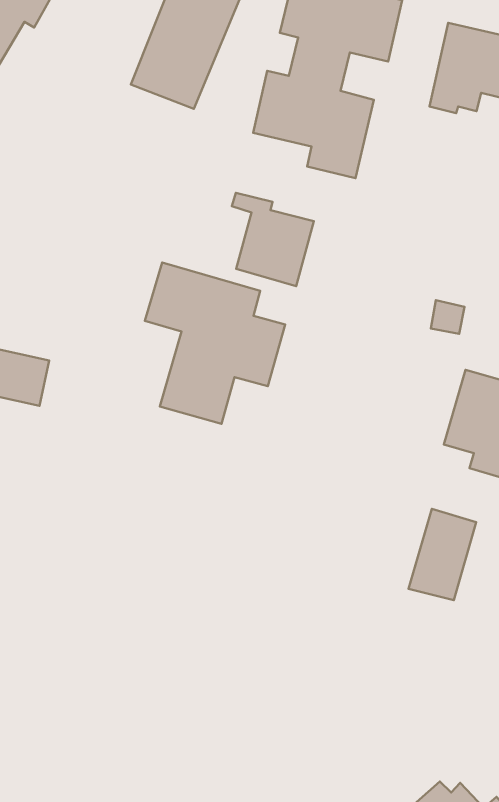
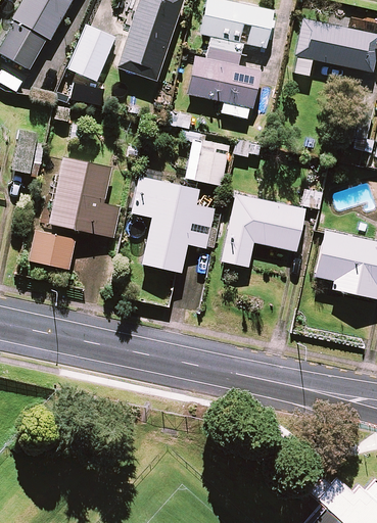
building: none -> [66,26,114,81]
building: none -> [51,158,121,237]
building: none -> [223,195,305,267]
building: [409,509,476,600] -> none

